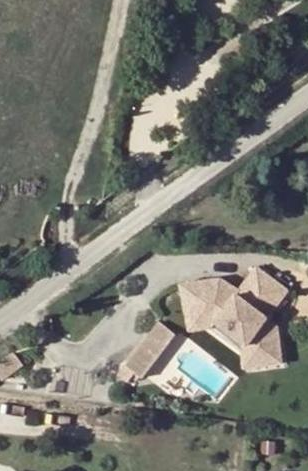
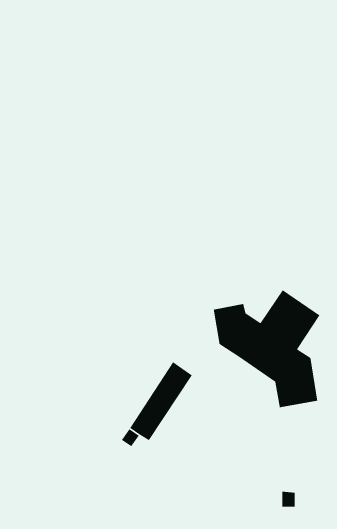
building: [185,283,255,368] -> none

